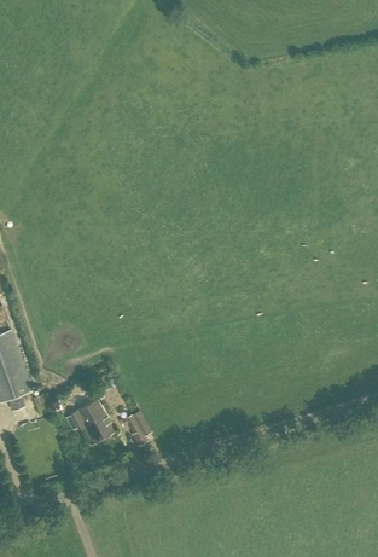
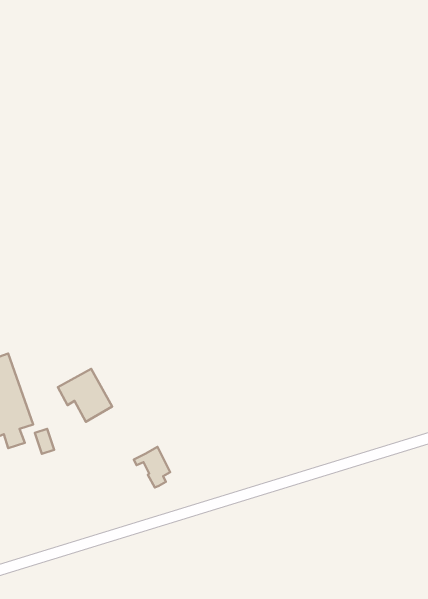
building: [66,399,114,445] -> [58,369,112,422]

